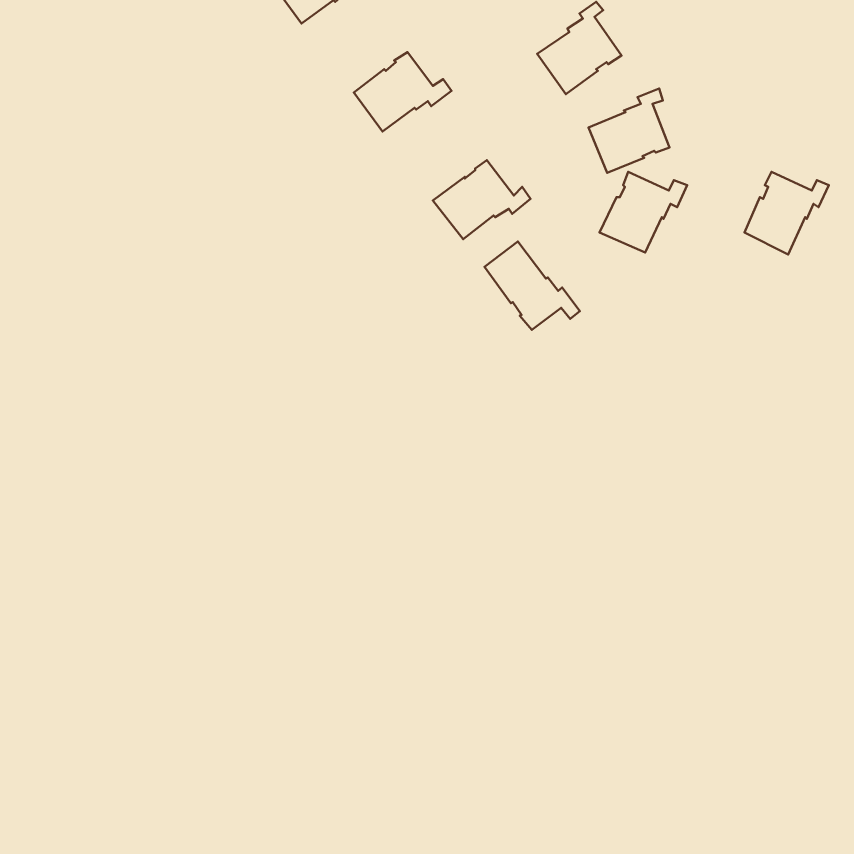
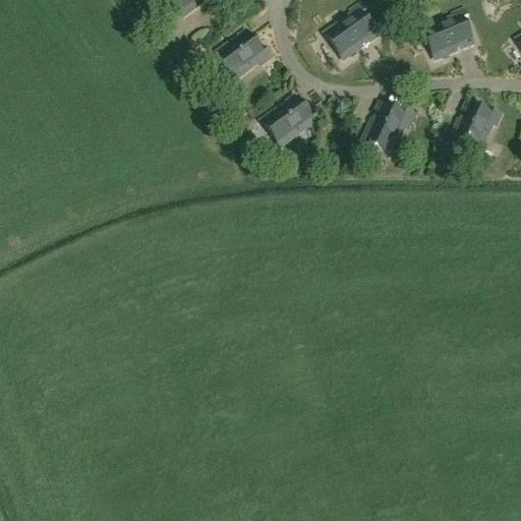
building: [589,89,669,173] -> [426,6,475,57]
building: [485,242,580,330] -> none

